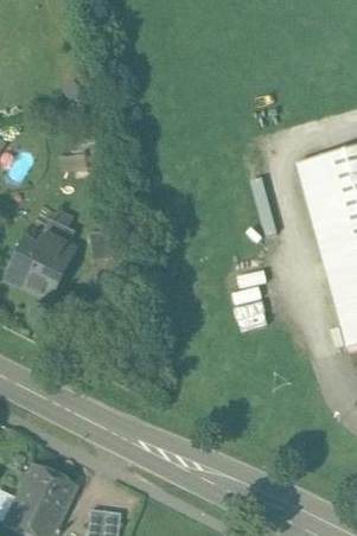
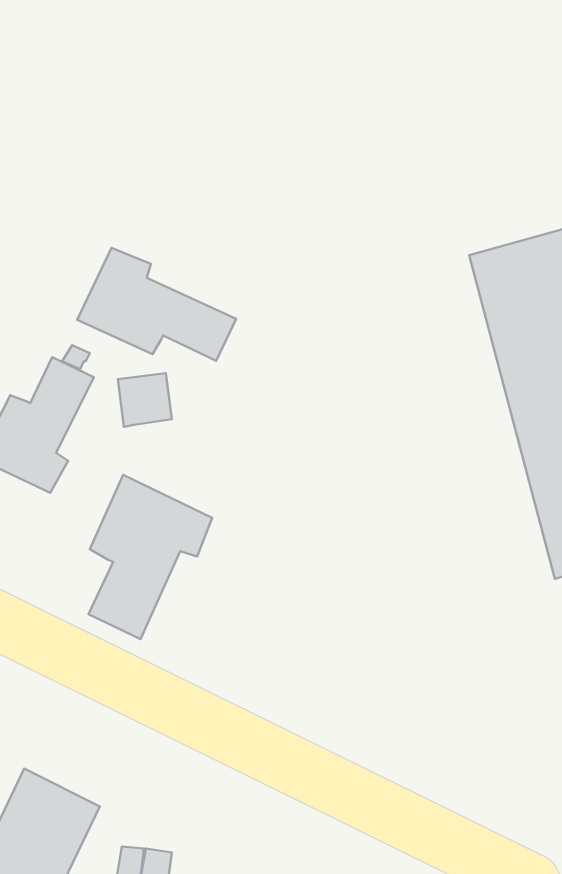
building: none -> [77,248,236,361]
building: none -> [89,475,212,639]

